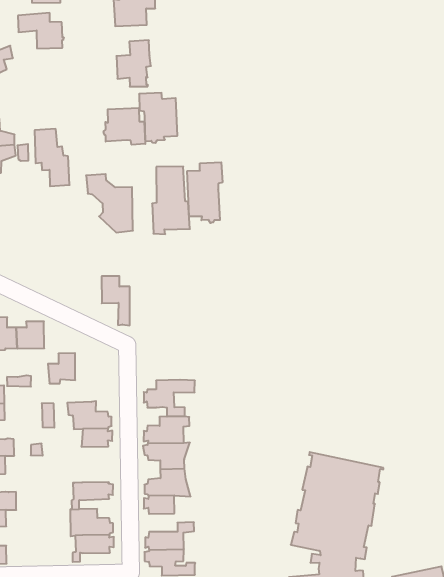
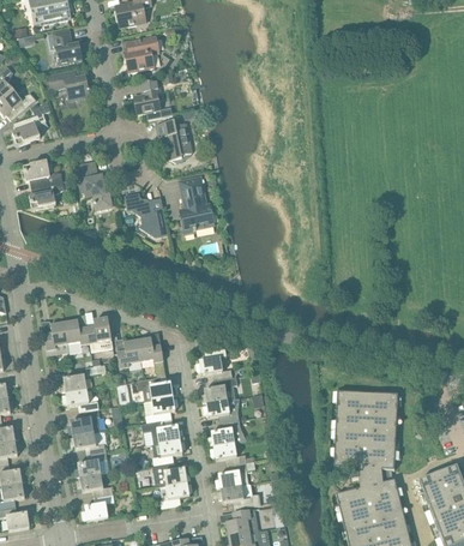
building: [104,108,145,145] -> none
building: [187,162,222,223] -> none
building: [102,276,130,325] -> [137,336,165,376]
building: none -> [140,419,182,443]

